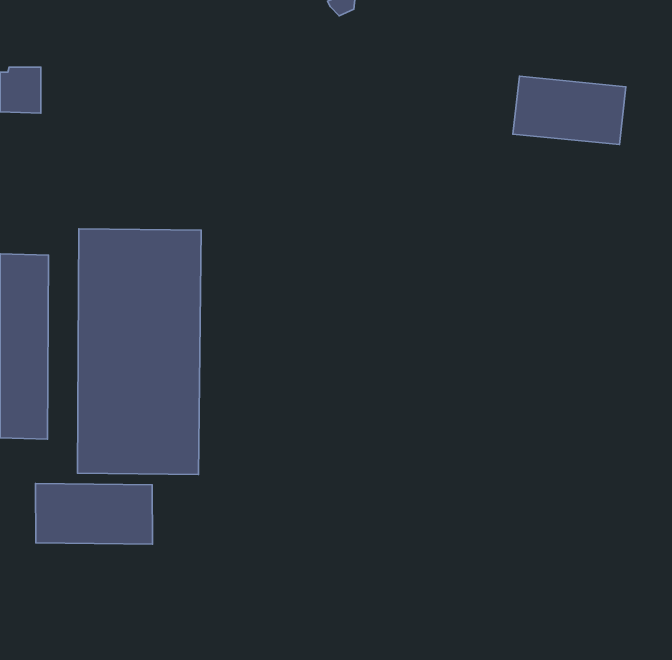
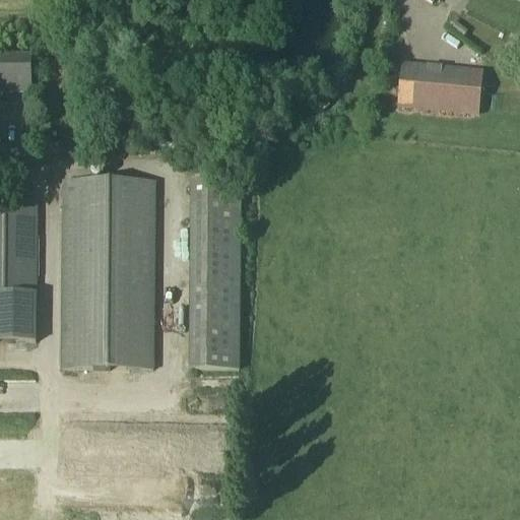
building: none -> [188,178,241,368]
building: [35,484,153,544] -> none

